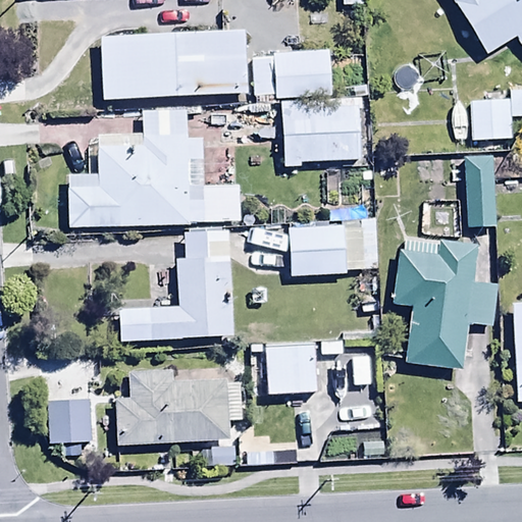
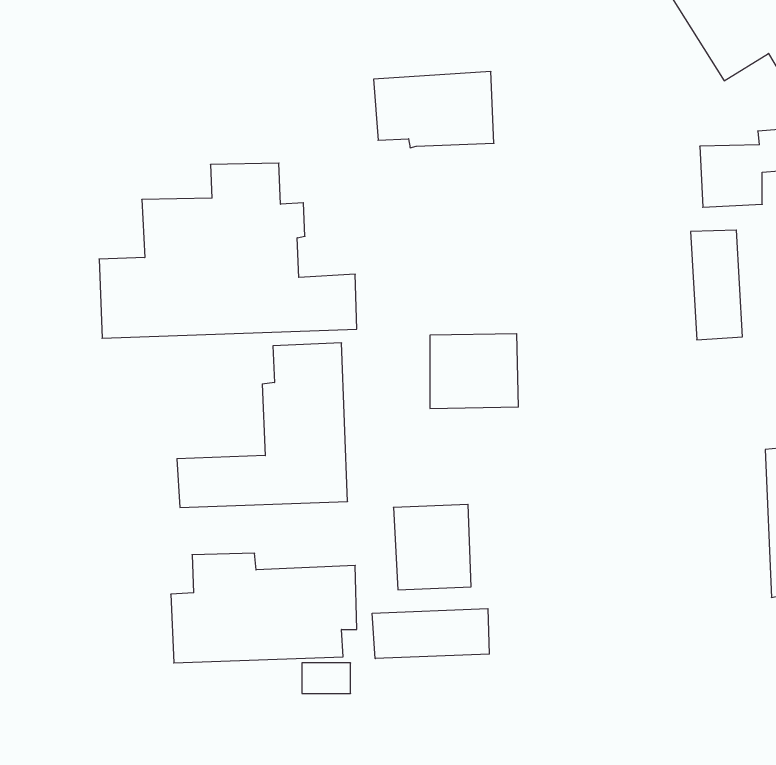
building: [100,30,247,100] -> none
building: [280,94,366,167] -> none
building: [394,236,498,368] -> none
building: [47,397,92,454] -> none
building: none -> [372,609,489,659]

